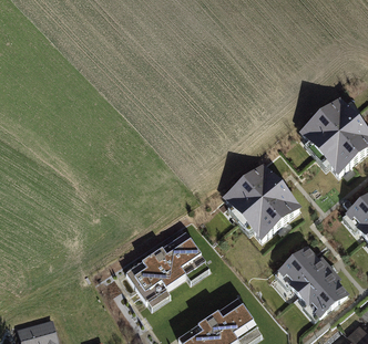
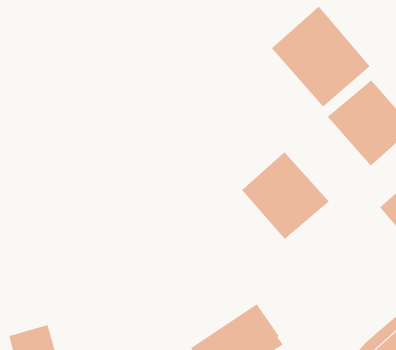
building: none -> [271,6,370,107]
building: [124,232,208,309] -> none
building: [278,244,349,319] -> none

